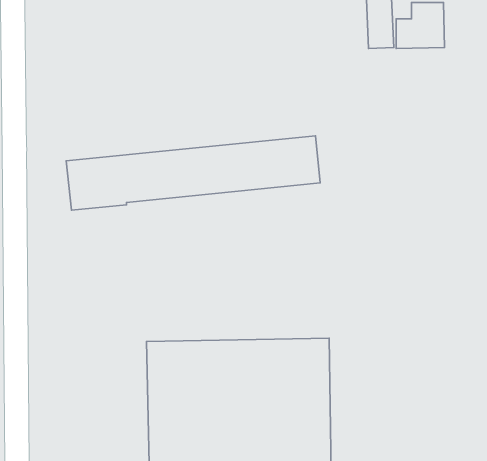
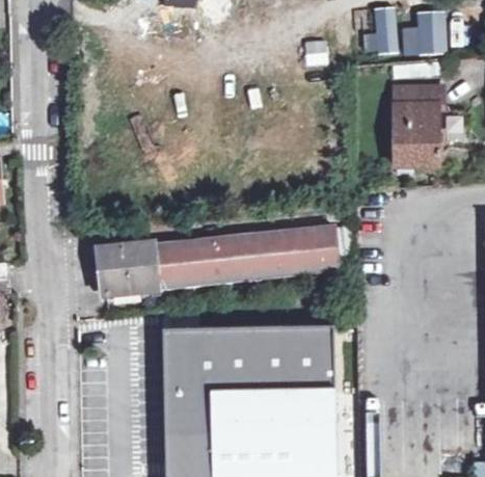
building: none -> [394,87,441,166]
building: [66,136,320,210] -> [101,224,341,295]

